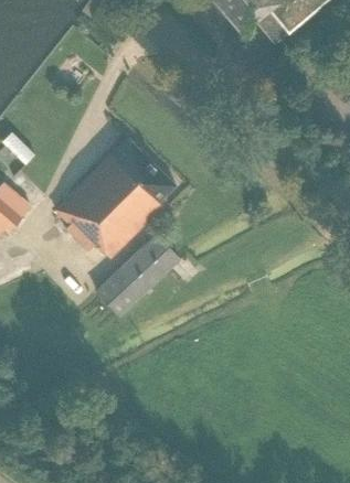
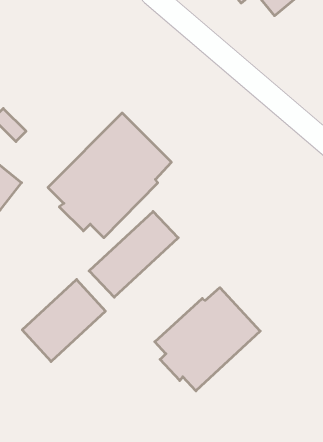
building: none -> [22,279,105,362]
building: none -> [155,288,260,391]

